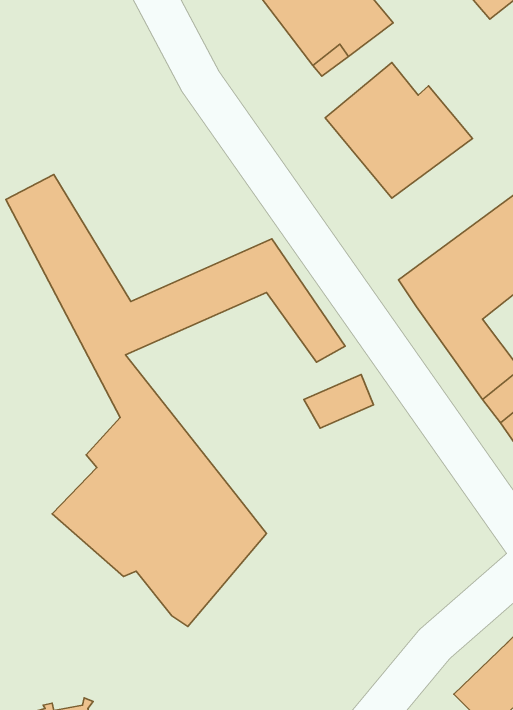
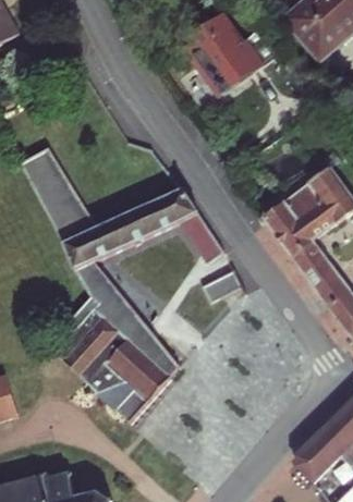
building: [325,62,472,198] -> none

